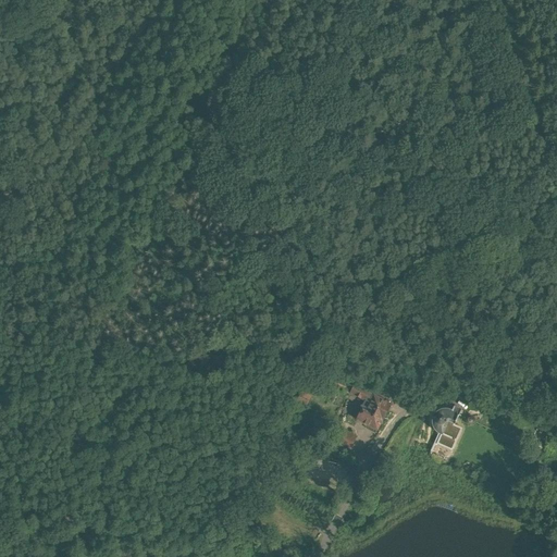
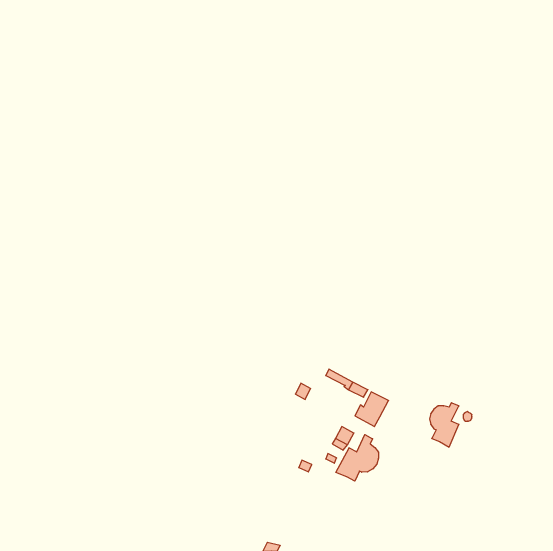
building: none -> [336,435,378,481]

